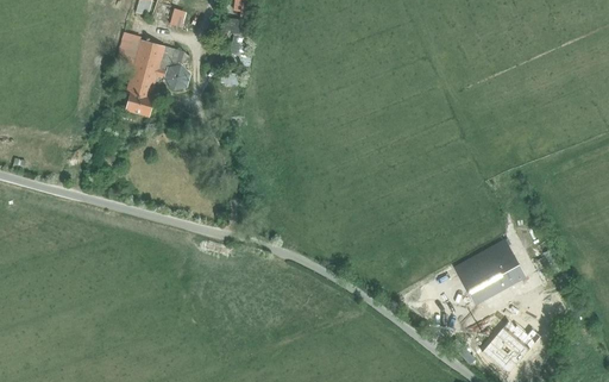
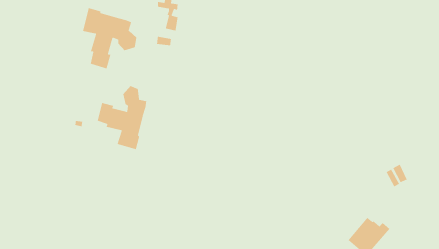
building: none -> [97,85,147,150]
building: [454,239,525,303] -> none

